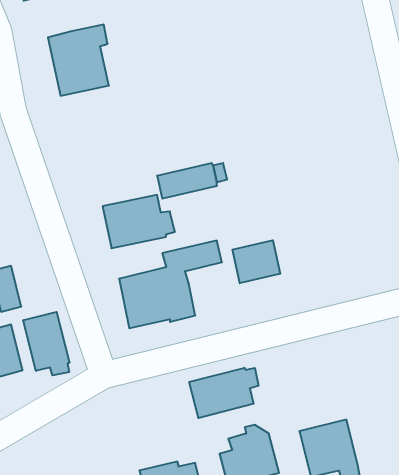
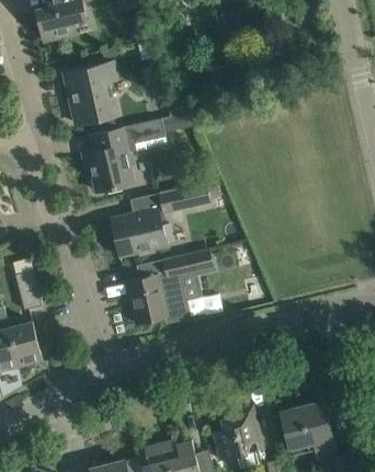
building: none -> [86,107,195,192]
building: [232,240,280,283] -> none
building: [23,312,69,375] -> none
building: [189,368,258,418] -> none

